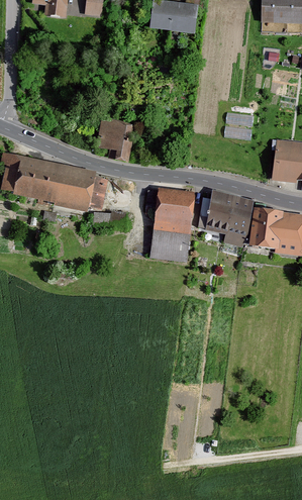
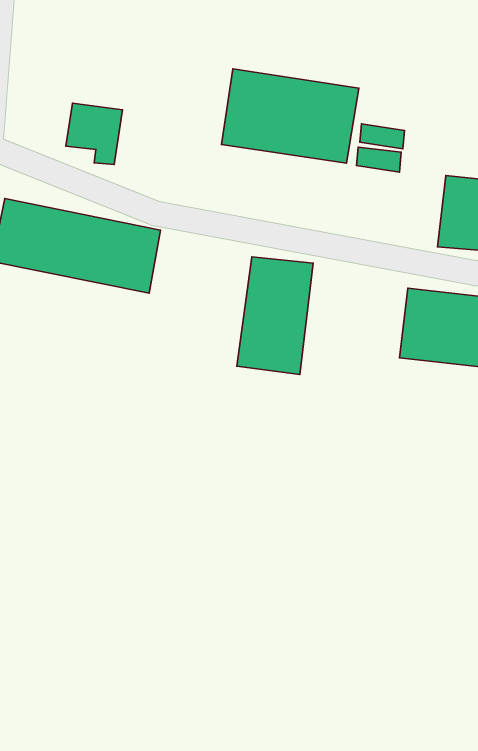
building: none -> [222,69,359,163]
building: [98,121,132,159] -> [66,103,122,165]
building: [201,191,254,245] -> none

